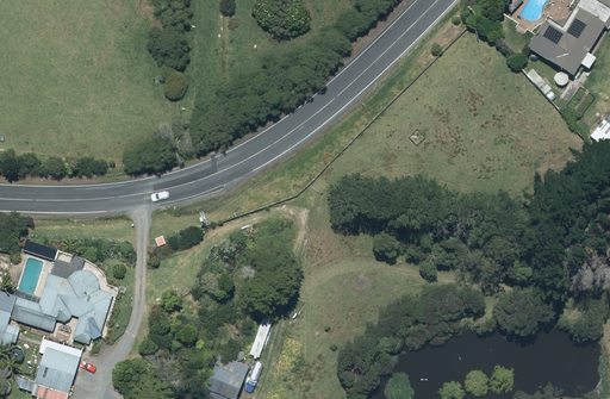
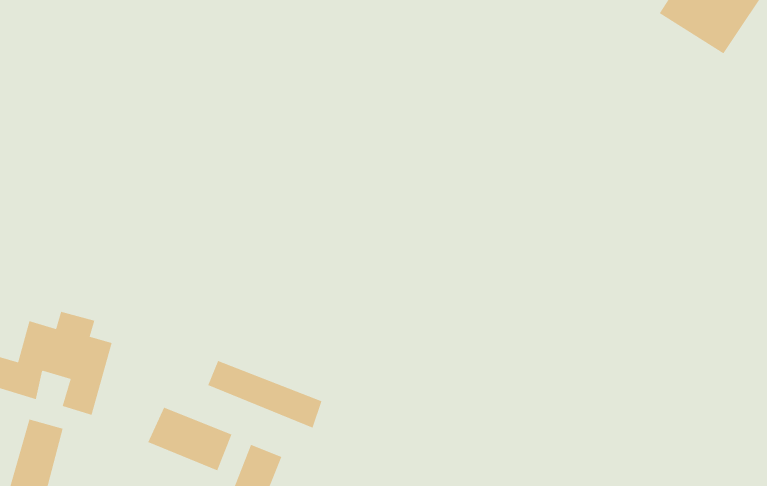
building: none -> [208,360,322,428]
building: none -> [147,407,232,471]

